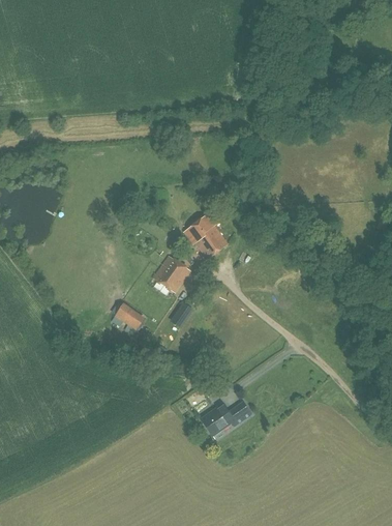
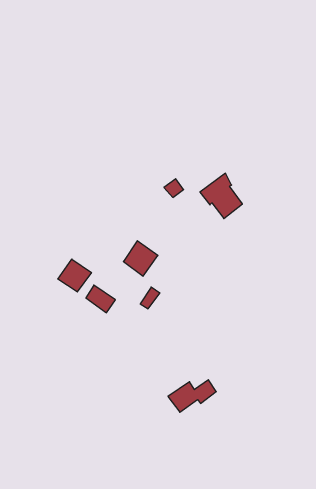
building: [182,211,227,259] -> [200,173,242,219]
building: none -> [58,259,91,292]

